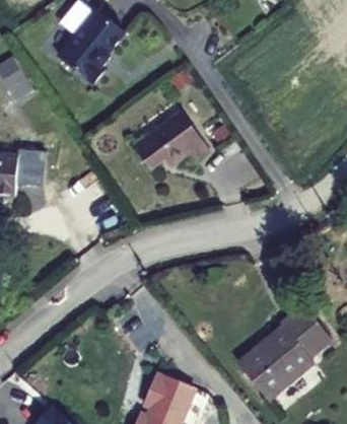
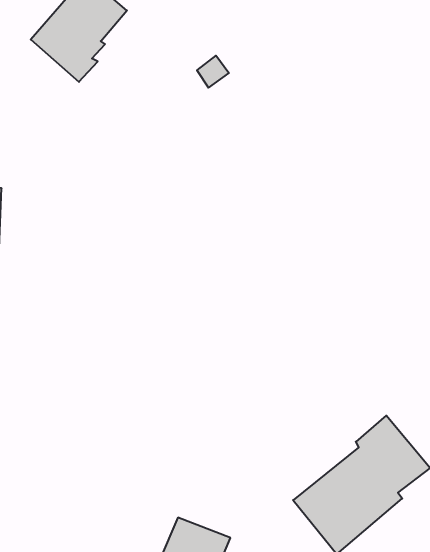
building: [136,107,211,164] -> none

